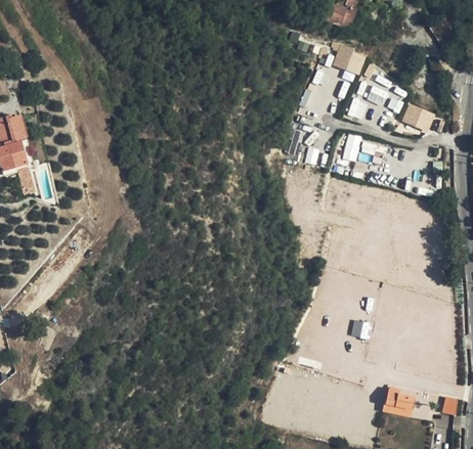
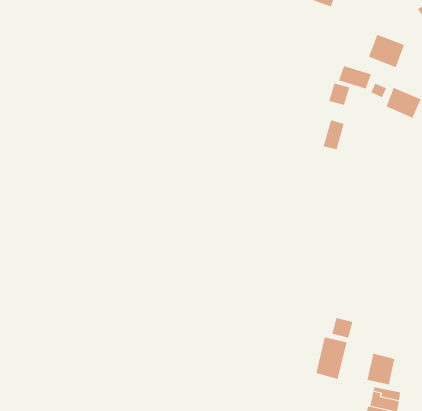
building: [333,43,368,75] -> [368,34,405,68]
building: none -> [316,337,347,380]
building: none -> [367,353,395,385]

